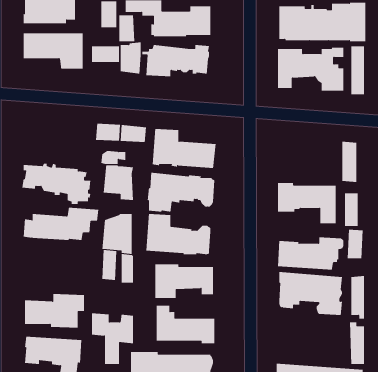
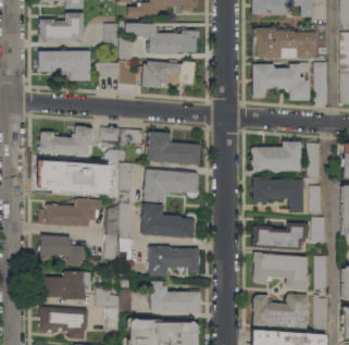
building: none -> [38,126,94,157]
building: none -> [252,141,300,172]
building: none -> [39,235,85,266]
building: none -> [252,294,308,329]

